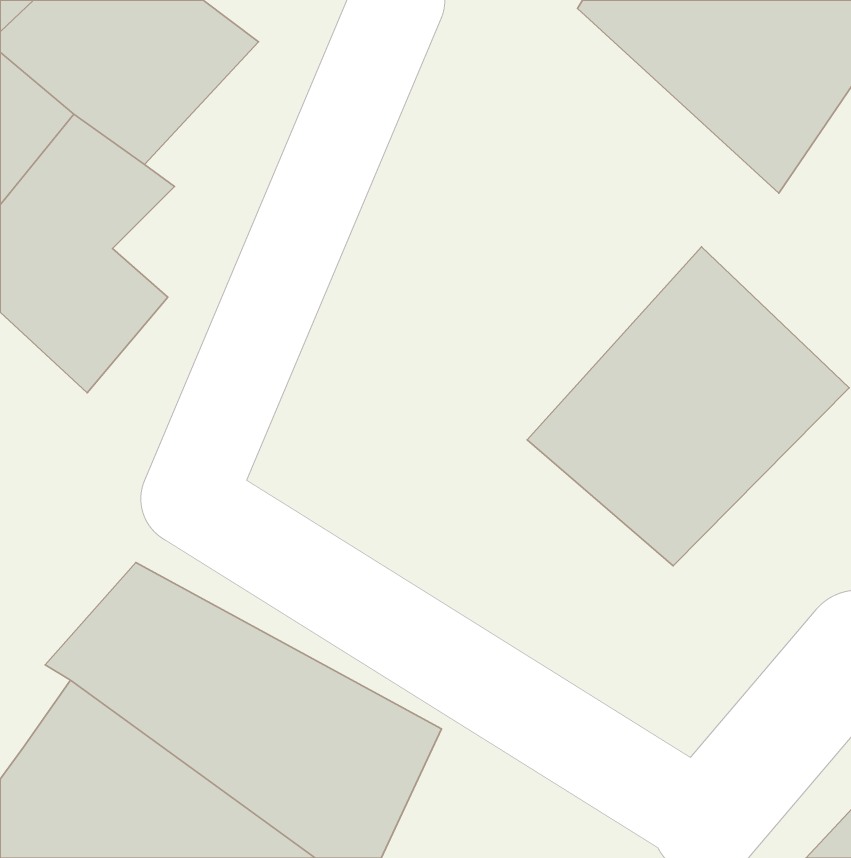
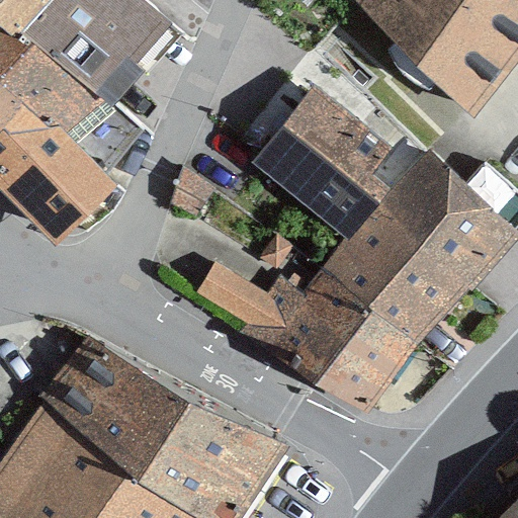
building: none -> [263,95,388,220]
building: none -> [197,264,410,417]

